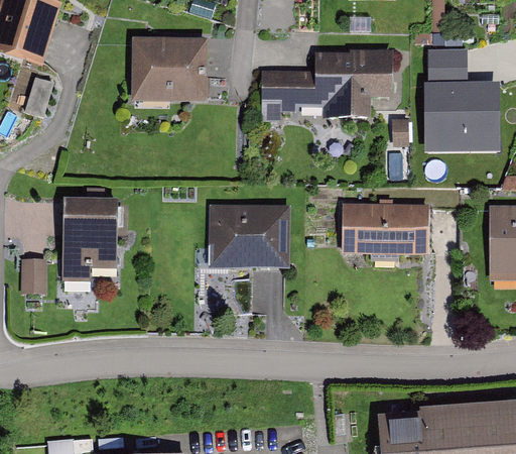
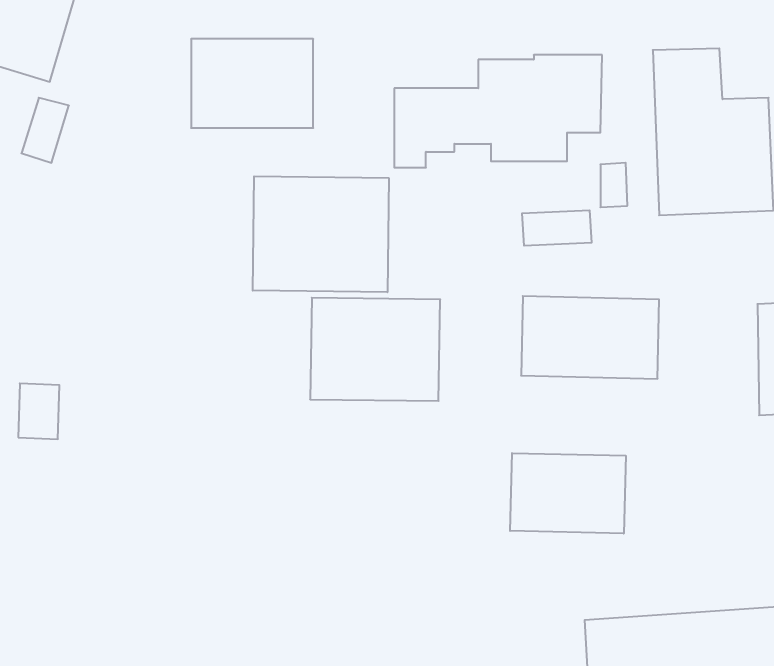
building: none -> [253,176,389,292]
building: none -> [522,210,592,246]
building: [63,201,118,275] -> none
building: none -> [510,453,626,534]

